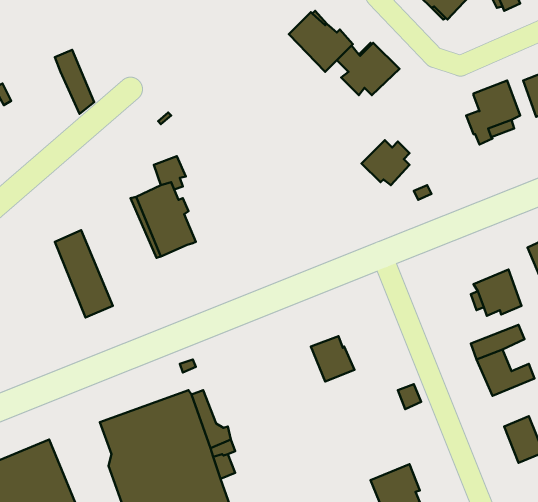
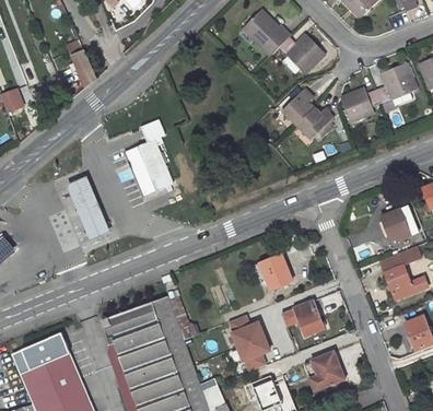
building: none -> [282,87,315,125]
building: none -> [341,87,382,121]
building: none -> [288,300,324,336]
building: none -> [230,315,269,371]

